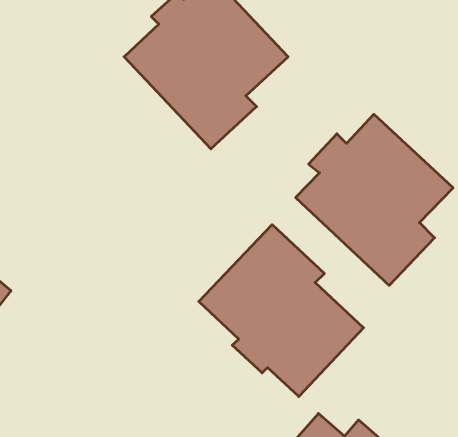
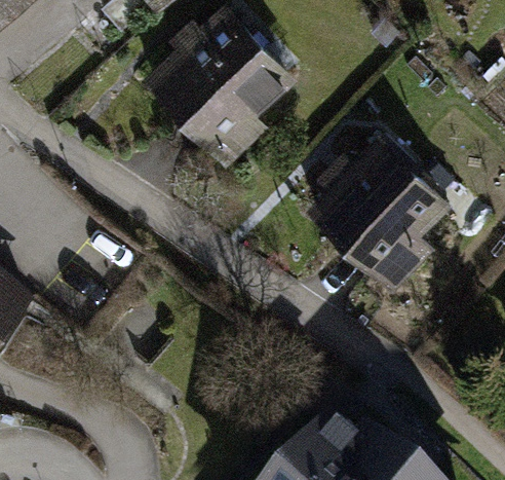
building: [199,225,364,397] -> none

